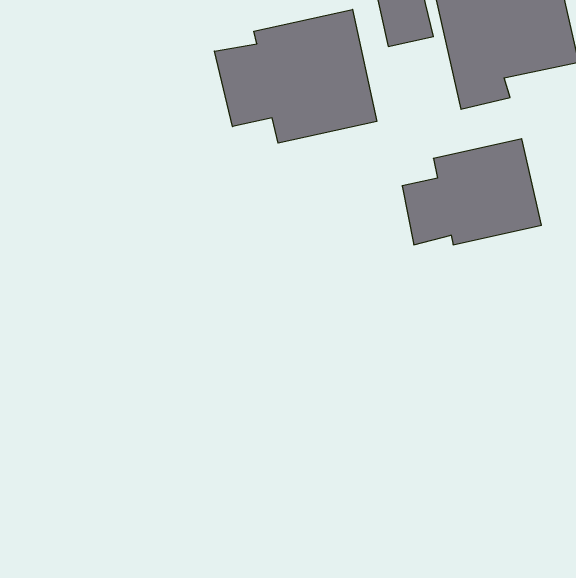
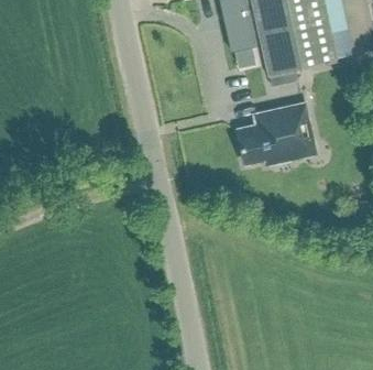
building: [214,9,377,143] -> none

